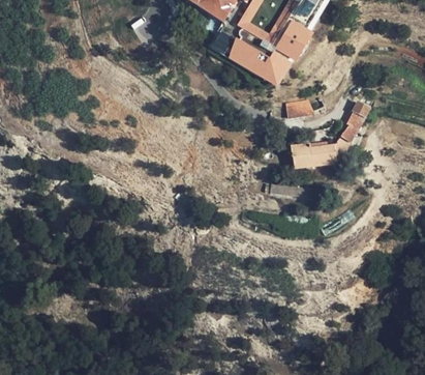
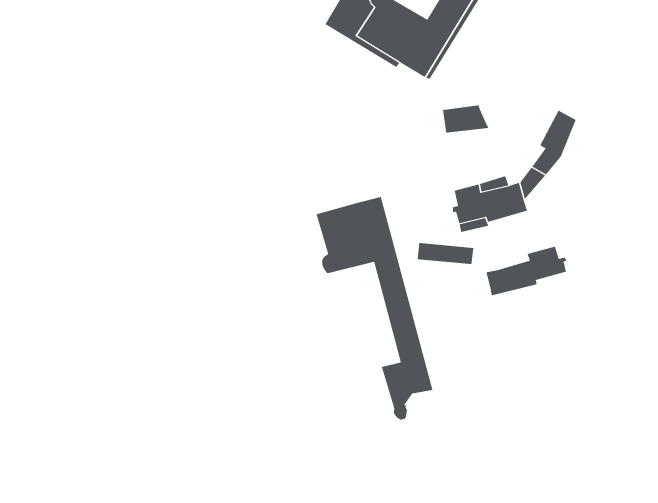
building: none -> [316,196,433,421]
building: none -> [486,246,567,296]

